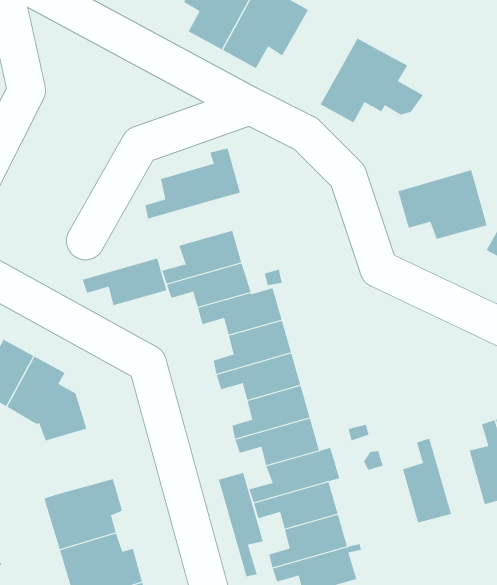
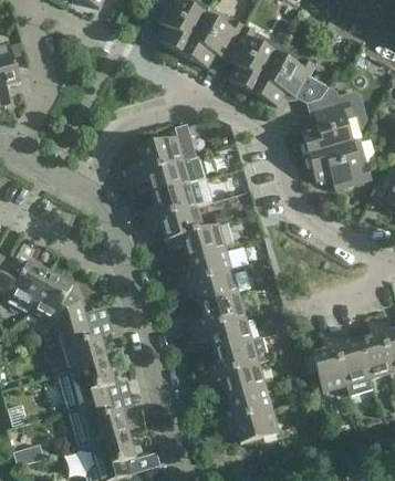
building: none -> [227,27,280,94]
building: none -> [302,87,365,156]
building: [82,258,167,306] -> [131,160,191,195]
building: none -> [58,325,106,372]
building: none -> [332,328,372,397]
building: [218,472,264,577] -> none

